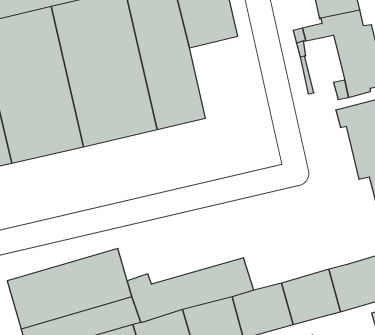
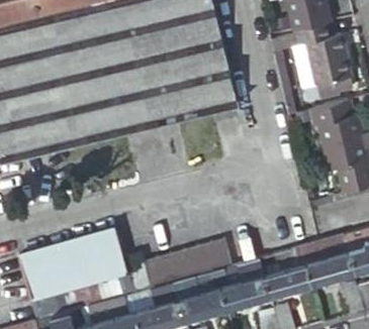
building: none -> [180,43,238,115]

